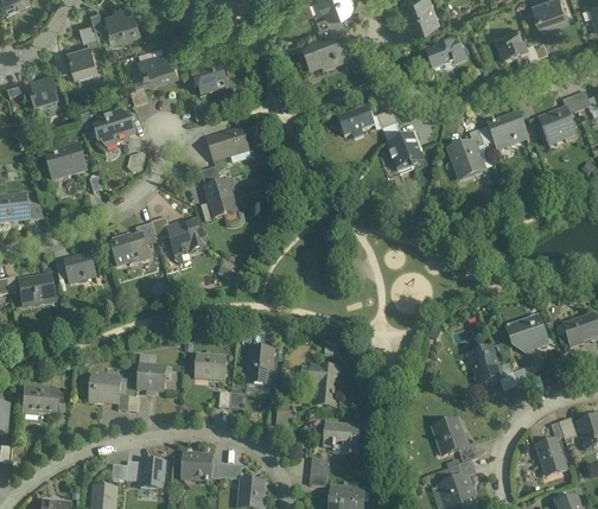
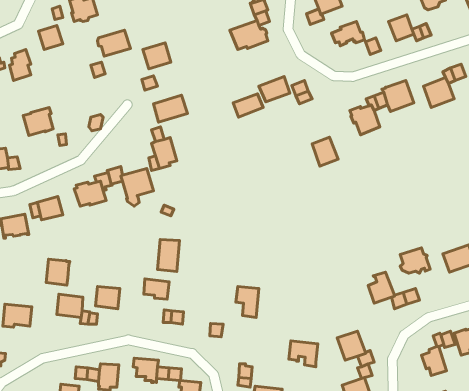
building: [95,114,134,148] -> none
building: none -> [233,94,263,117]
building: [392,134,424,170] -> [312,137,338,166]
building: none -> [46,259,70,285]
building: [246,348,273,387] -> [157,240,180,271]
building: [323,424,358,456] -> [289,341,318,367]

